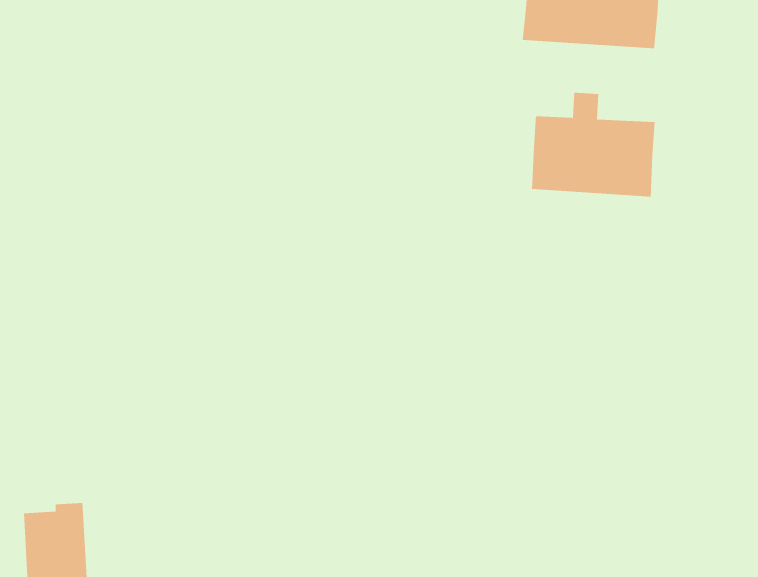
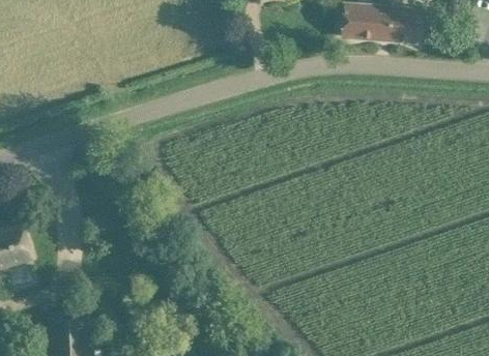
building: [531,92,656,198] -> none

